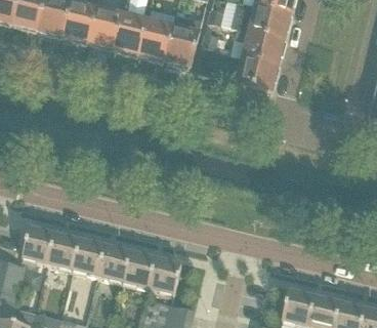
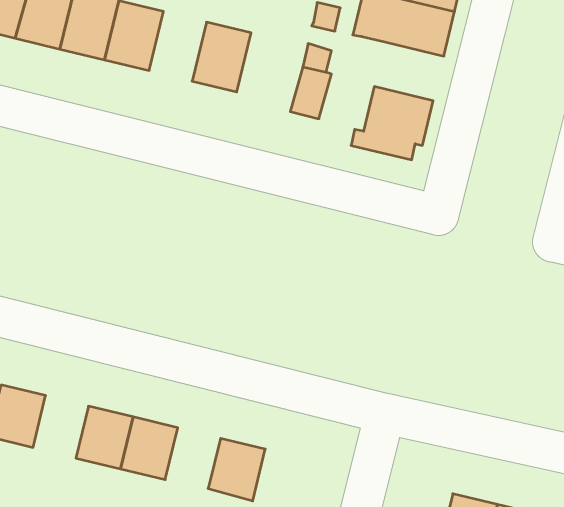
building: [114,14,146,54] -> none
building: [164,14,201,67] -> none
building: [229,29,283,66] -> none
building: [47,235,79,271] -> none
building: [123,253,155,288] -> none

